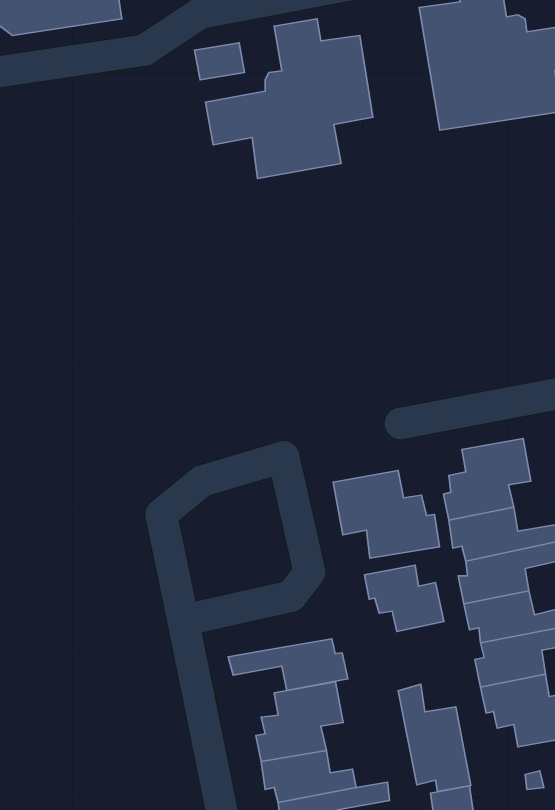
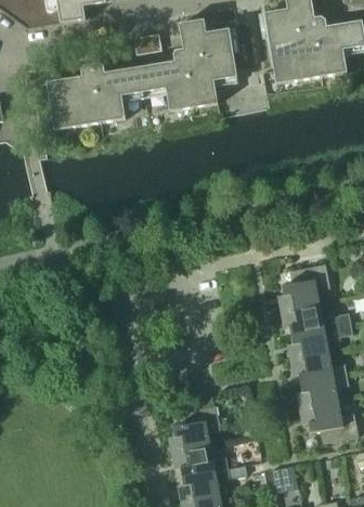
building: none -> [47,63,144,130]
building: [333,470,439,558] -> none
building: [365,565,444,631] -> none
building: [228,639,348,691] -> none
building: [398,684,471,791] -> none

